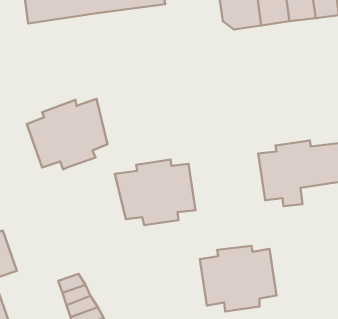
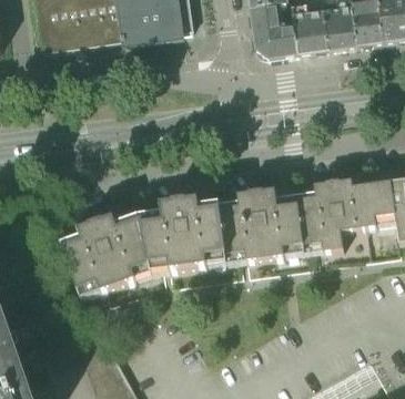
building: [27,99,108,170] -> [61,217,150,295]
building: [200,246,277,312] -> [219,192,303,264]

